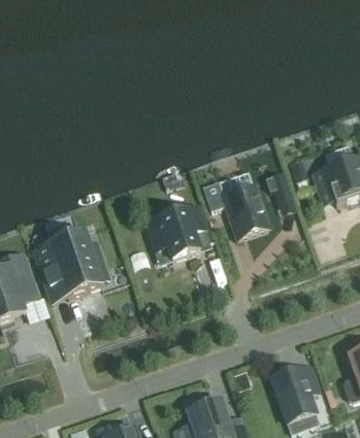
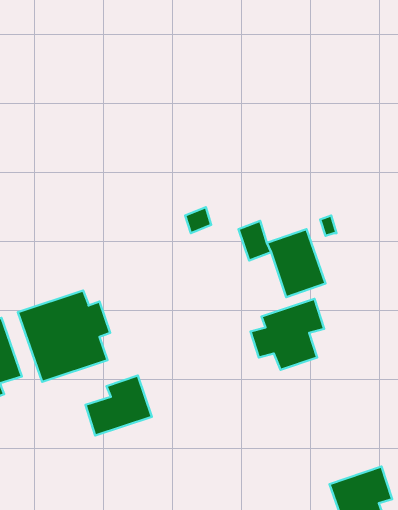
building: [151,204,206,258] -> [251,299,324,370]
building: none -> [85,376,152,435]

